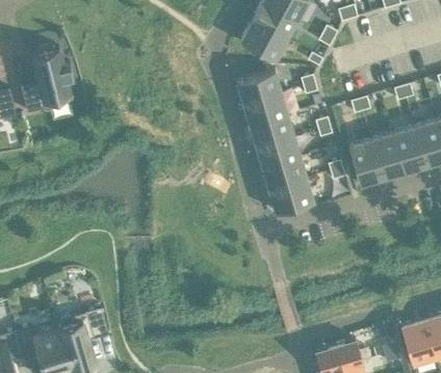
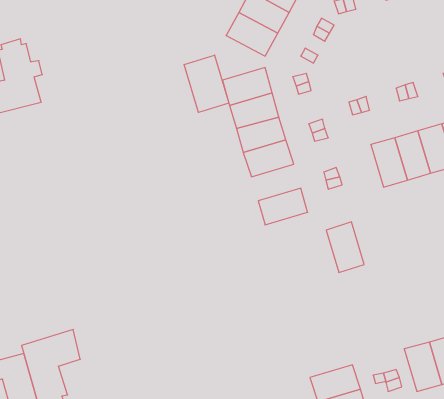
building: none -> [184,55,229,112]
building: [348,140,383,186] -> [326,222,364,272]
building: [263,158,308,191] -> none

